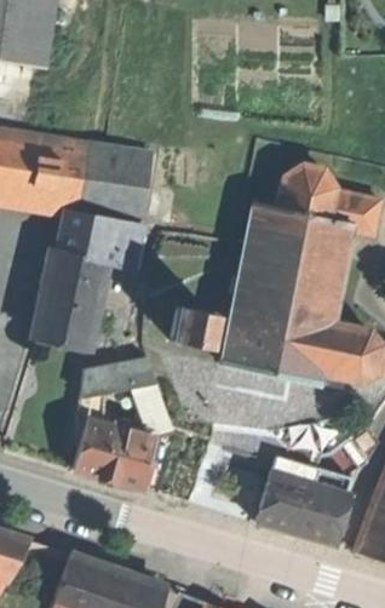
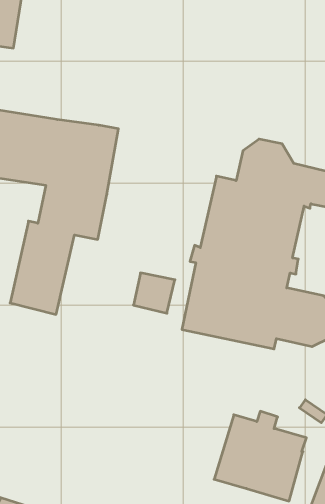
building: [73,356,174,486] -> none

